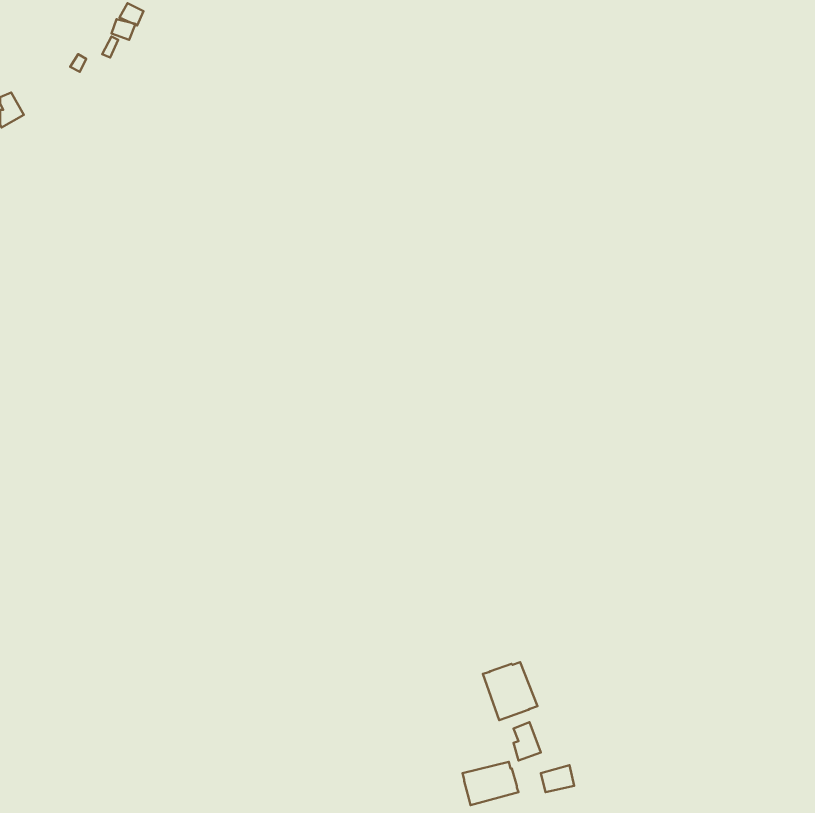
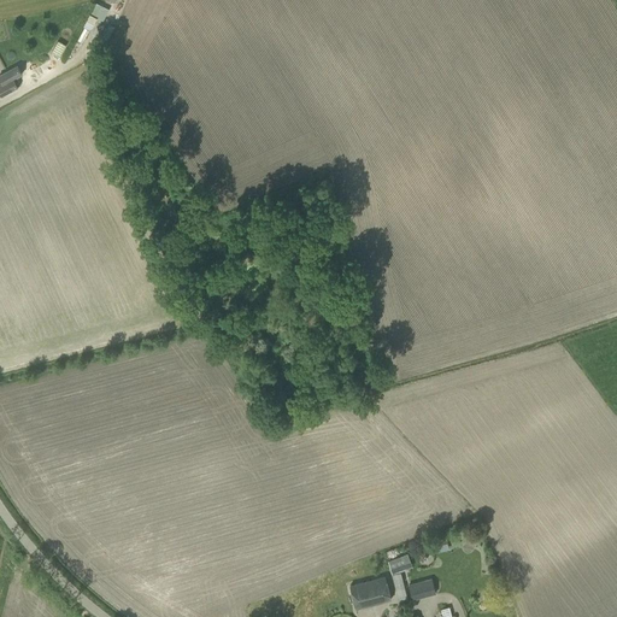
building: [483,662,537,720] -> none

